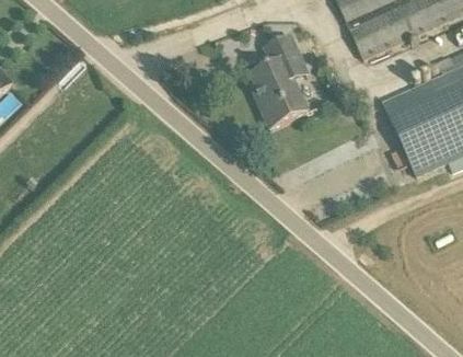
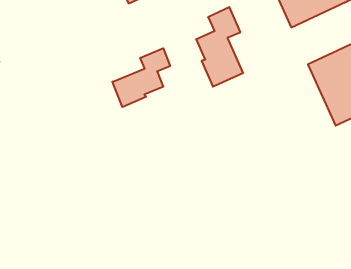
building: none -> [112,48,170,107]

